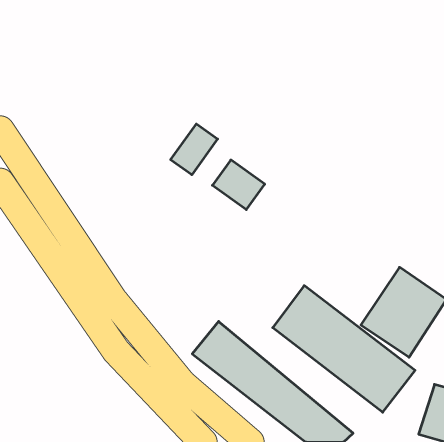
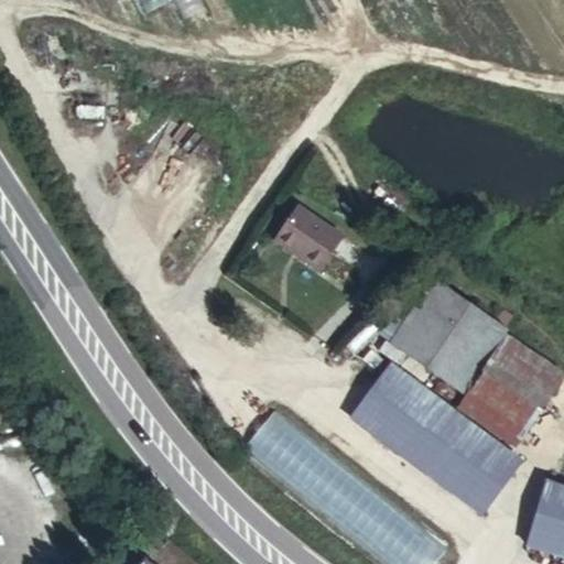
building: [171,124,218,175] -> none
building: none -> [388,274,505,391]

